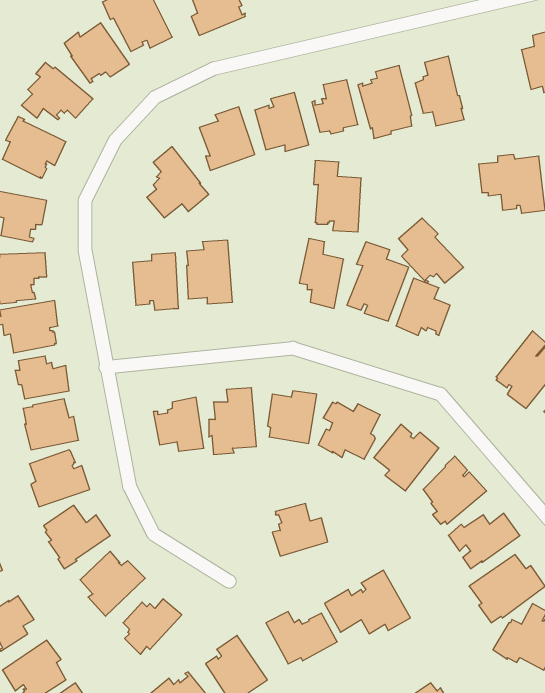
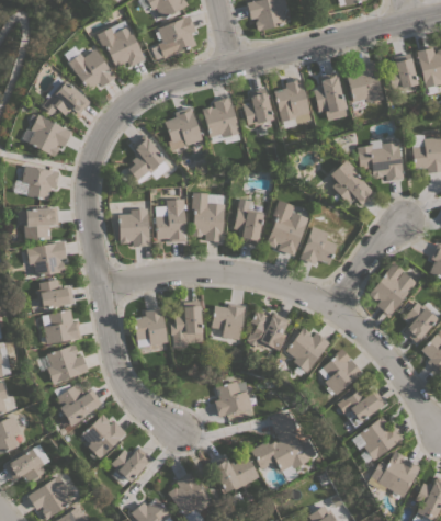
building: none -> [347,63,384,103]
building: [314,161,361,232] -> [192,193,225,242]
building: [398,218,464,283] -> [330,160,375,205]

